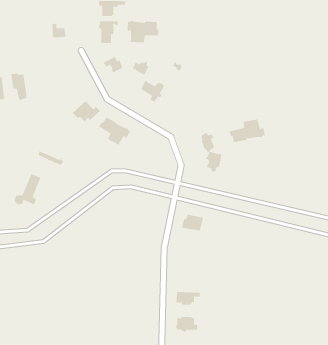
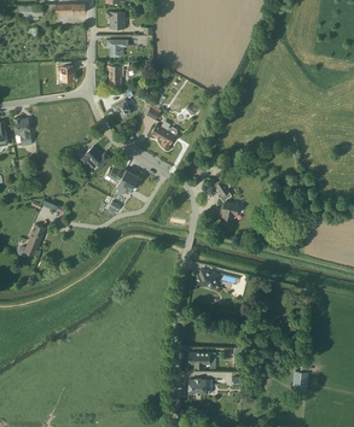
building: [127,20,159,43] -> none
building: [229,118,265,143] -> none

